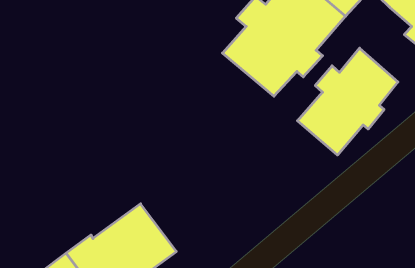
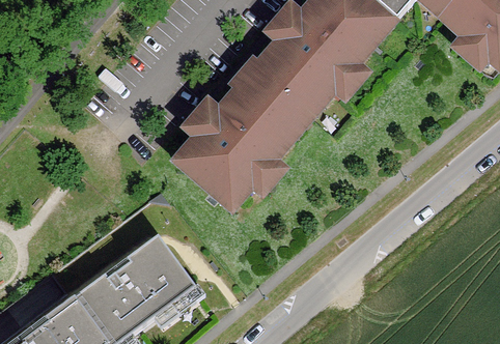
building: [297,48,398,155] -> none
building: none -> [174,67,310,205]

